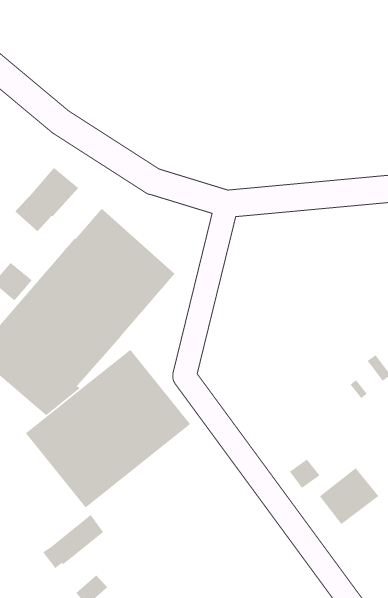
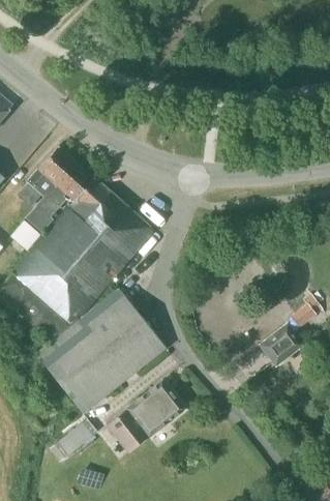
building: none -> [25,163,95,233]
building: none -> [106,381,184,453]
building: [319,467,379,525] -> [258,322,305,367]

